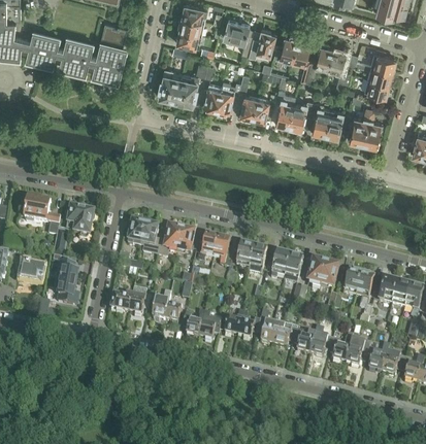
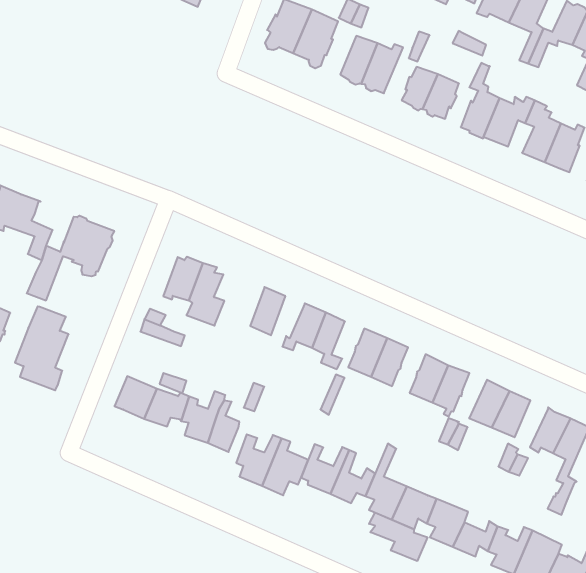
building: [158,226,182,257] -> none
building: none -> [369,513,427,561]

